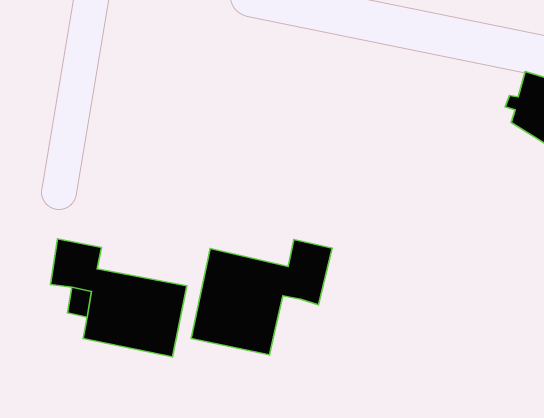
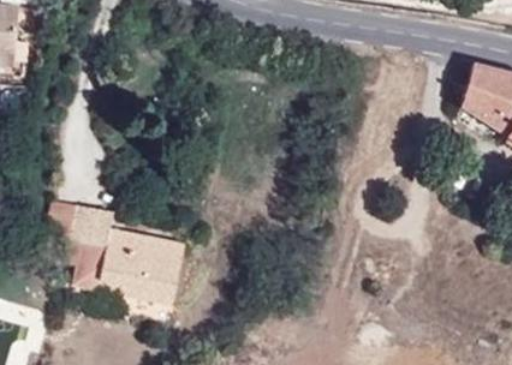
building: [191,239,332,355] -> none

